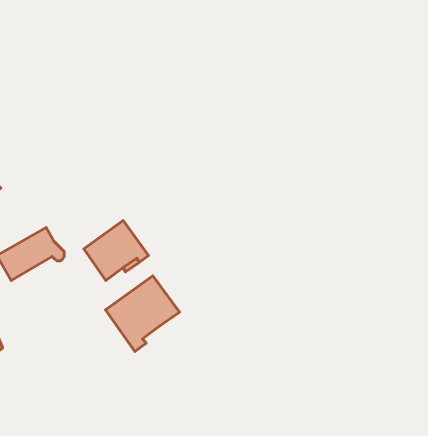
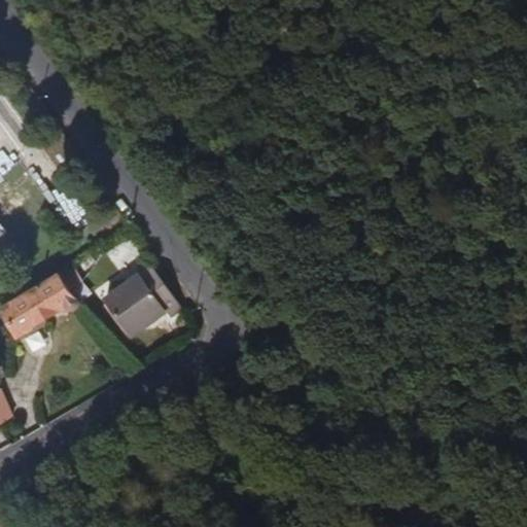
building: [105,276,180,351] -> none

